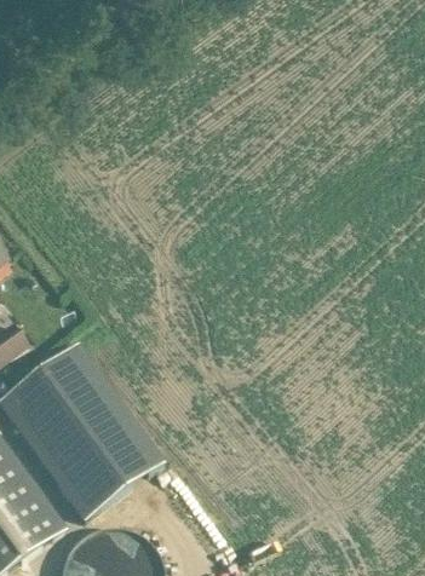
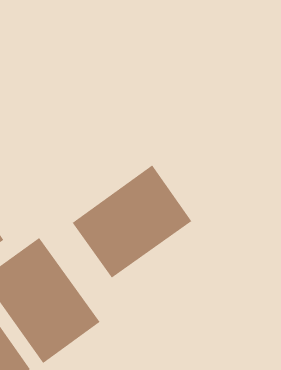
building: none -> [72,165,192,279]

